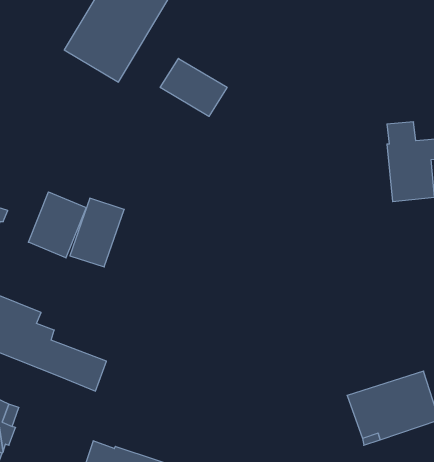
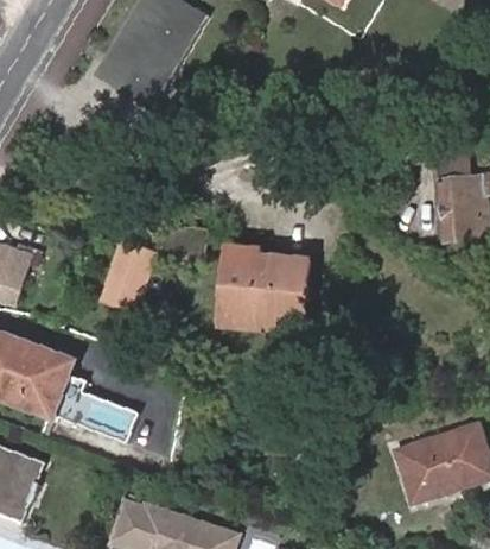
building: [160,58,227,116] -> none
building: [28,192,86,258] -> none
building: none -> [222,246,310,324]

